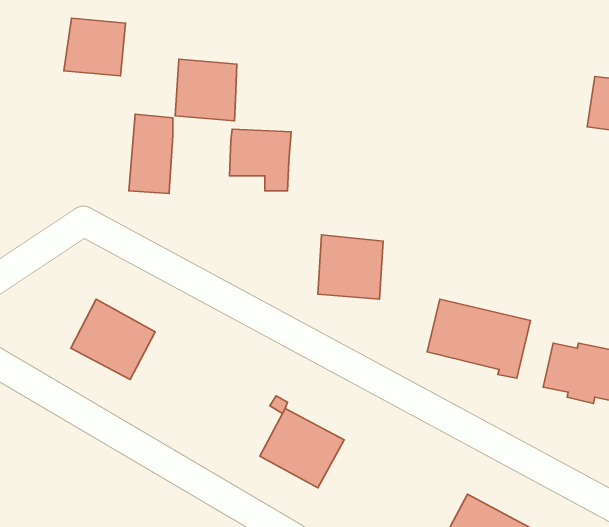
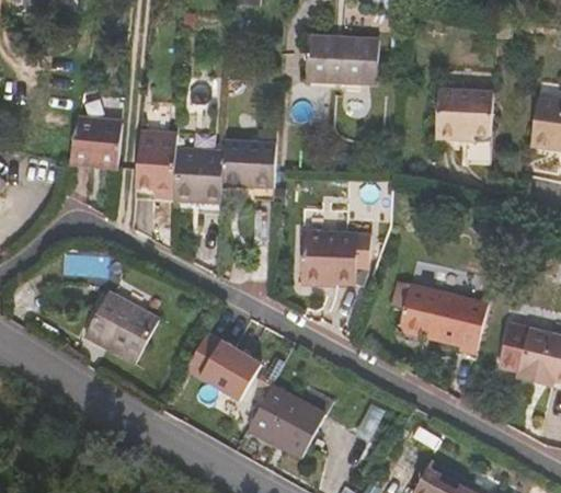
building: none -> [306,34,379,81]
building: [64,18,125,76] -> [69,115,123,165]
building: [175,59,237,121] -> [171,147,225,200]
building: none -> [439,85,496,136]
building: none -> [188,333,264,402]

